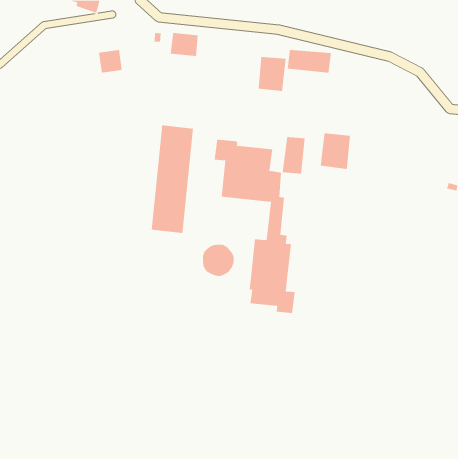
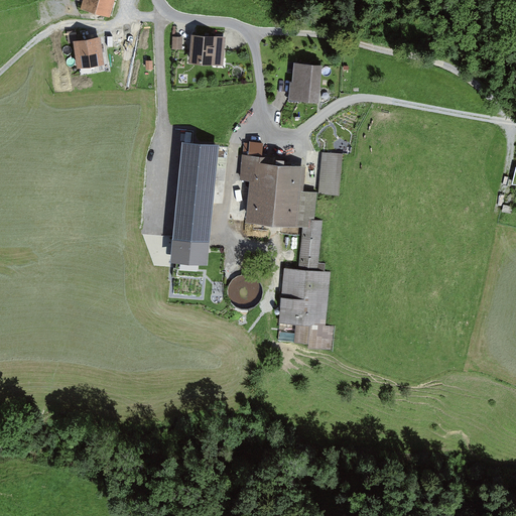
building: [287,49,331,74] -> none
building: [98,50,123,73] -> [74,39,101,66]
building: [320,133,351,170] -> none

